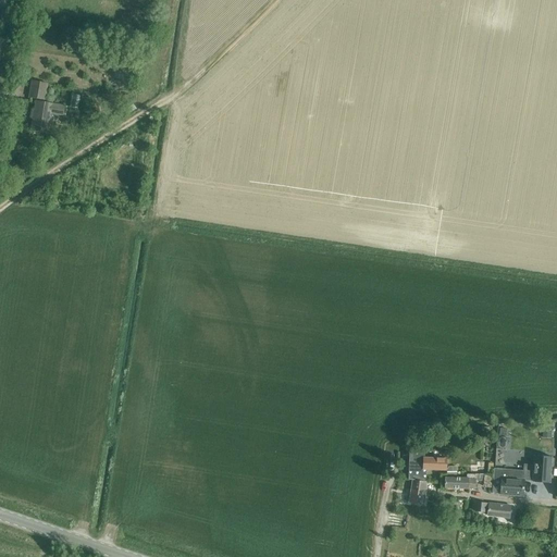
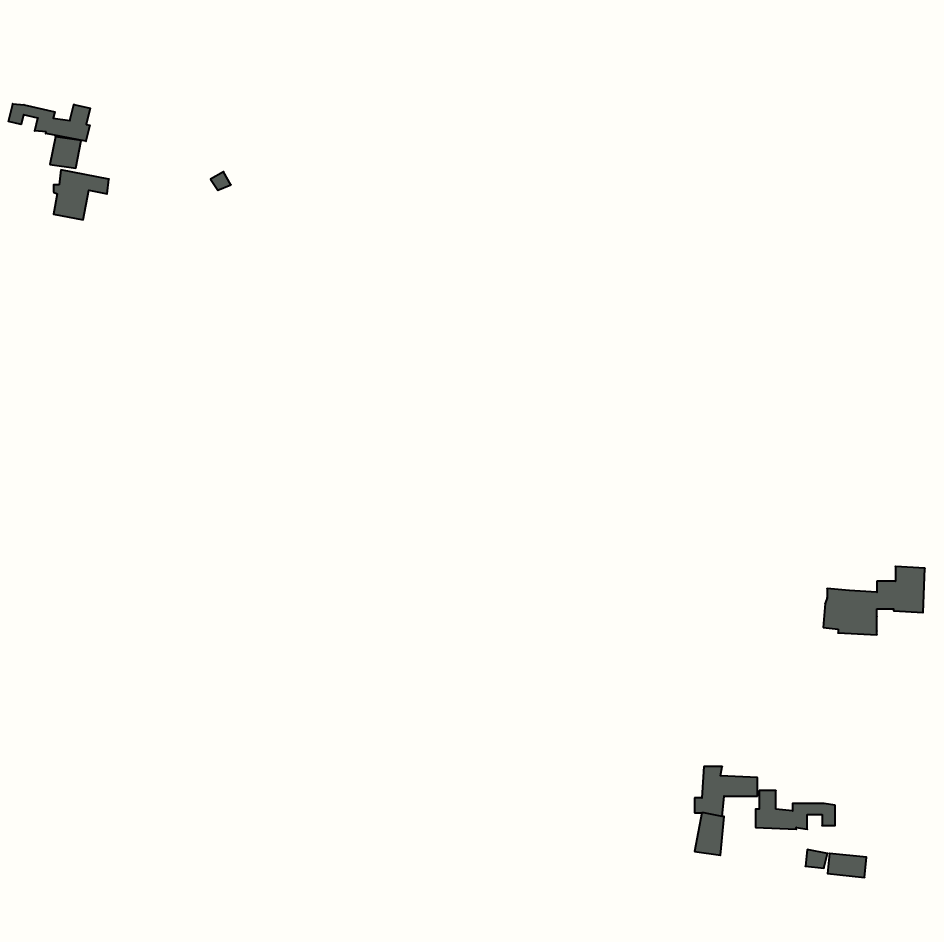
building: none -> [8,104,90,141]
building: [492,455,552,495] -> [823,566,925,635]

